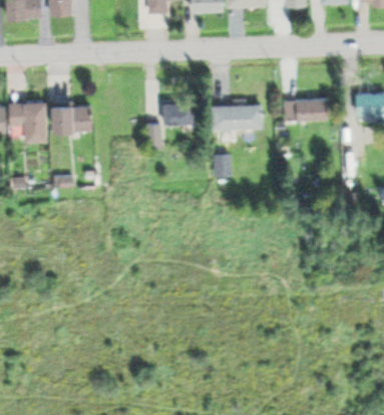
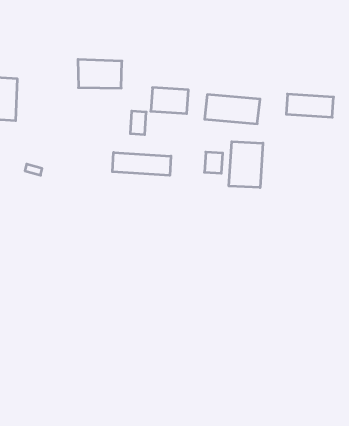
building: [51,105,91,131] -> [78,59,122,88]
building: none -> [229,142,263,188]
building: none -> [112,152,171,175]

